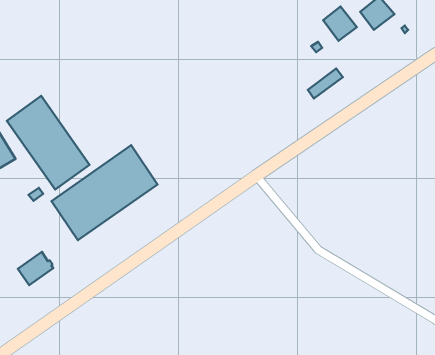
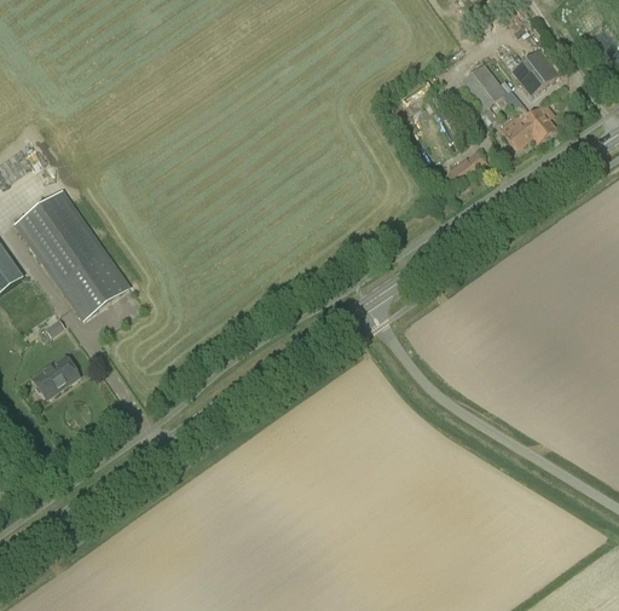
building: none -> [503,106,555,149]
building: [51,145,158,240] -> none
building: [18,252,53,285] -> [30,352,80,399]

